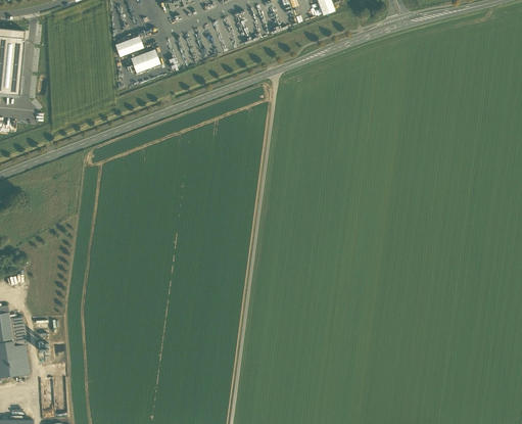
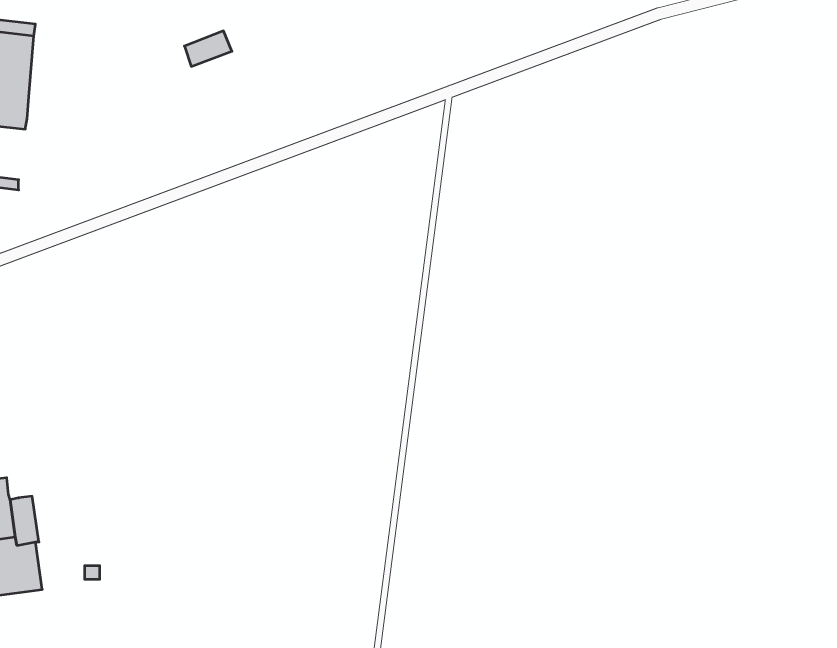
building: [130,48,159,72] -> none

